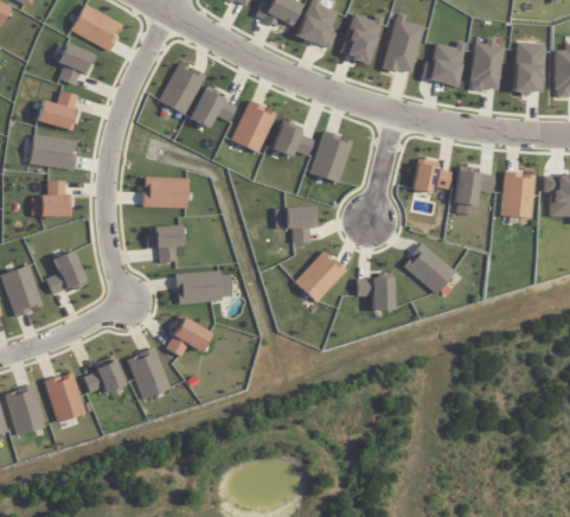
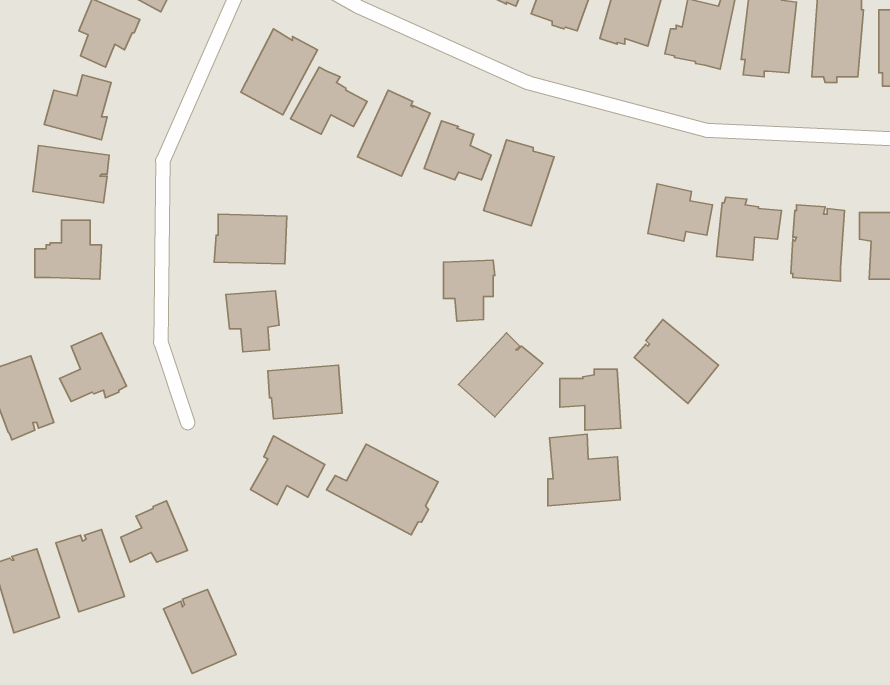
building: none -> [548,434,620,506]
building: none -> [326,444,438,535]
building: [127,347,172,400] -> [164,590,236,674]

